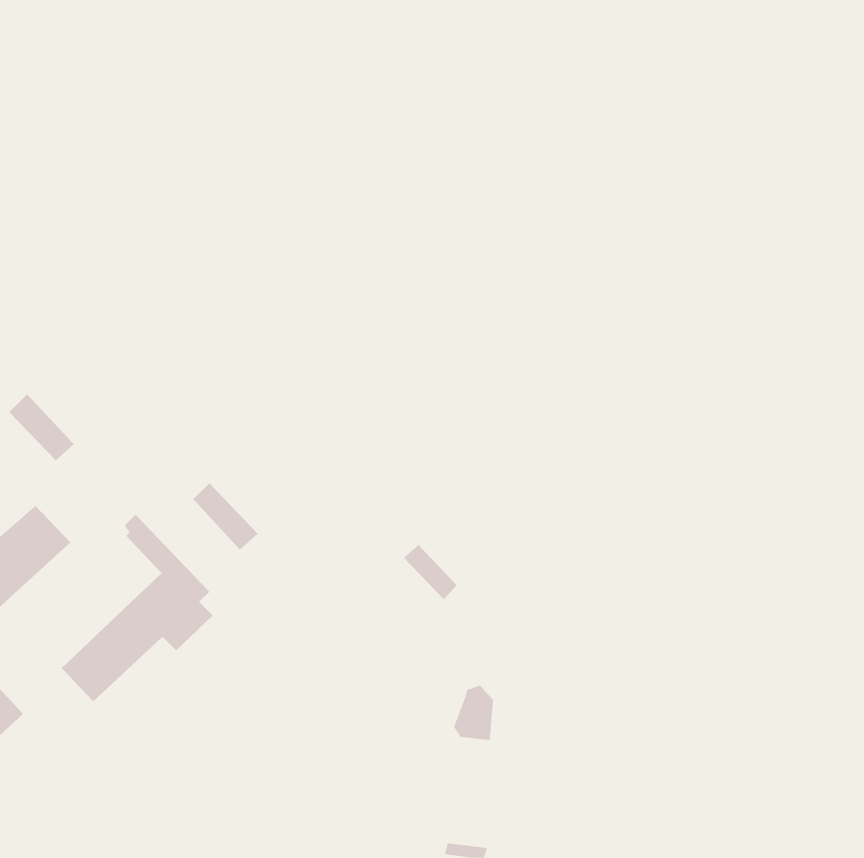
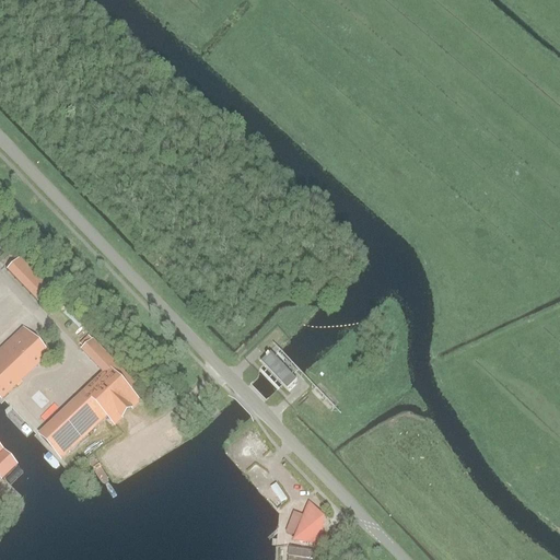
building: [192,482,259,550] -> none
building: [453,685,494,741] -> [295,504,322,540]

